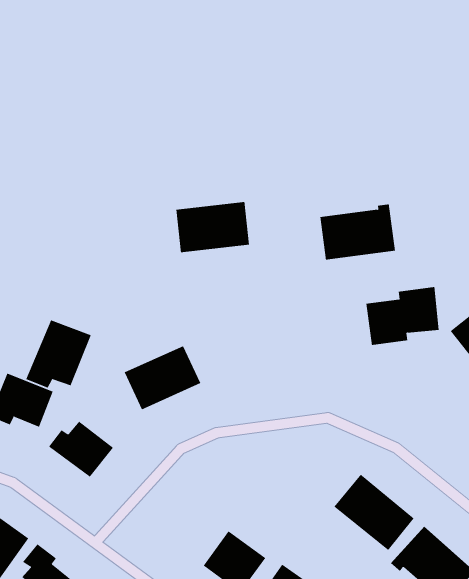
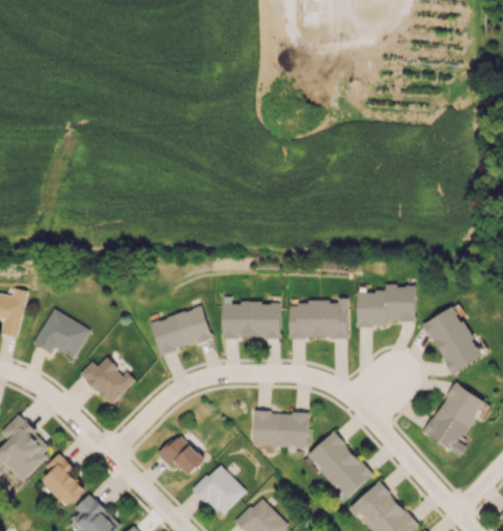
building: [176,201,250,253] -> [222,302,281,339]
building: [319,204,396,260] -> [289,299,348,338]
building: [26,320,92,389] -> none
building: none -> [254,412,309,447]
building: none -> [159,434,205,475]

